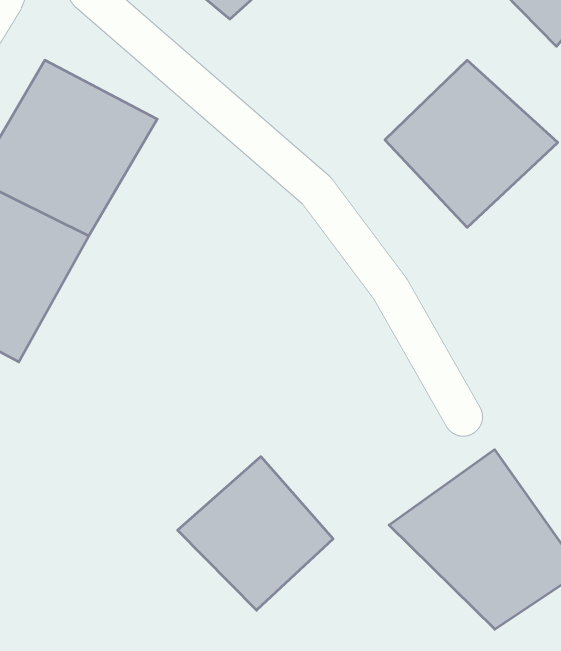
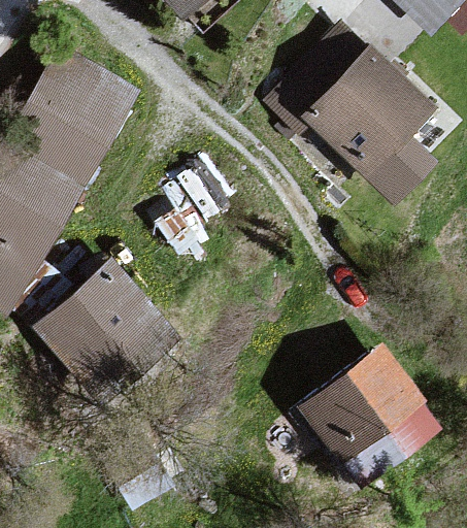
building: none -> [31,260,172,404]
building: [178,457,333,610] -> none

